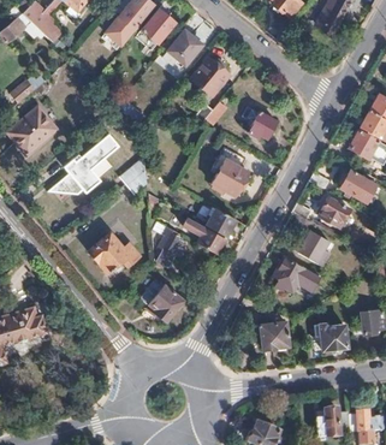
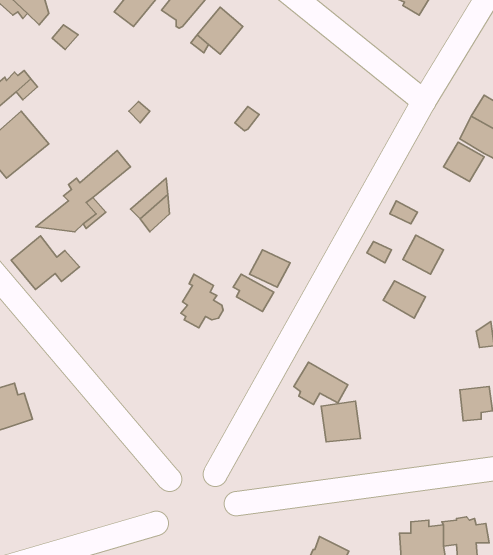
building: [190,57,228,95] -> none
building: [242,108,275,140] -> none
building: [212,159,248,195] -> none
building: [340,171,375,202] -> none
building: [89,233,139,273] -> [11,236,80,290]
building: [273,259,313,290] -> [294,362,348,404]
building: [139,280,182,322] -> none
building: [314,324,346,350] -> none

